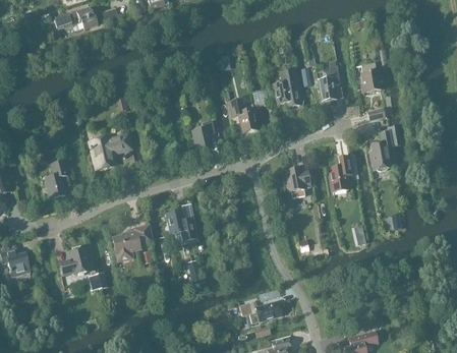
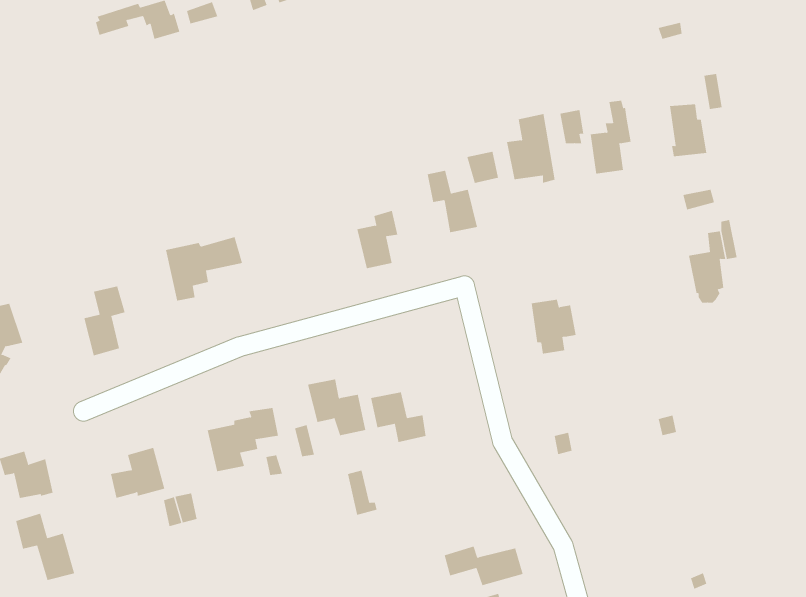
building: [329,156,351,191] -> none
building: none -> [370,392,426,443]
building: none -> [15,513,75,581]

